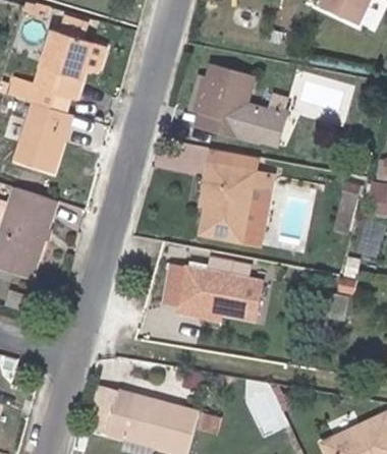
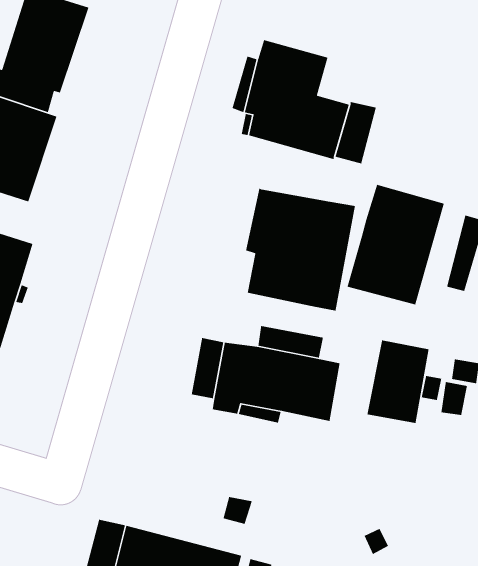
building: none -> [346,184,445,306]
building: none -> [366,340,430,424]

